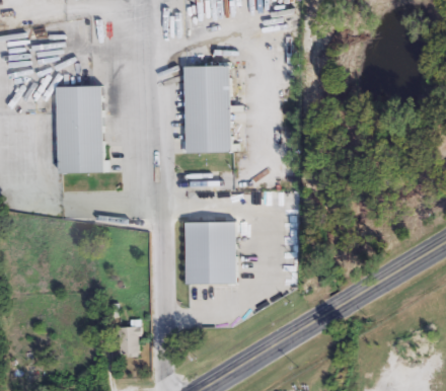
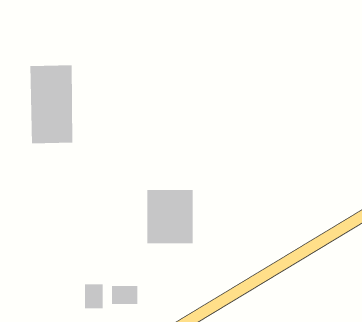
building: [184,66,231,153] -> none
building: none -> [111,285,138,305]

